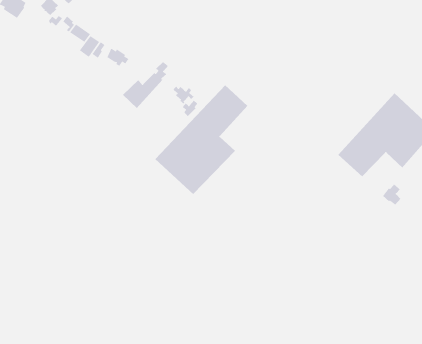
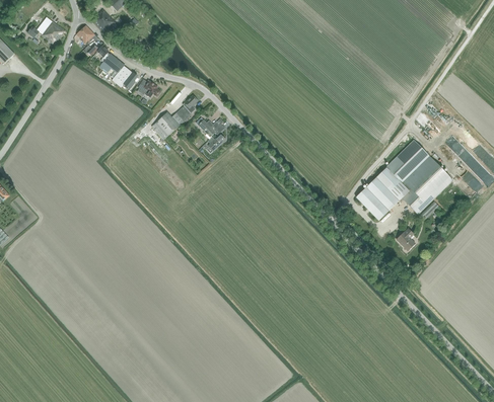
building: [154,85,248,195] -> none

